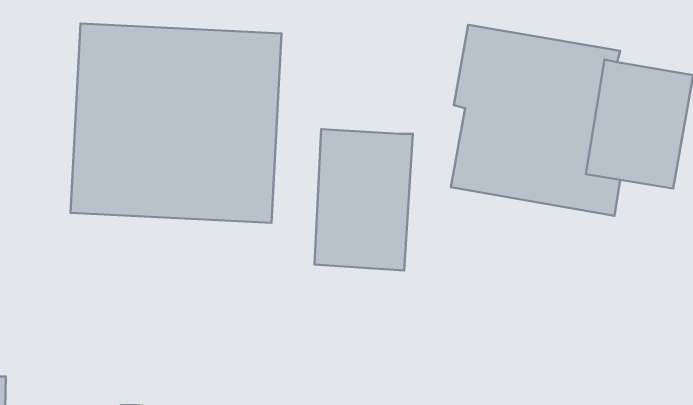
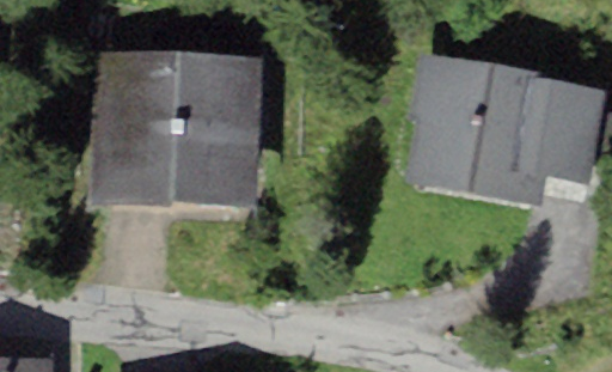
building: [315,129,413,270] -> none

